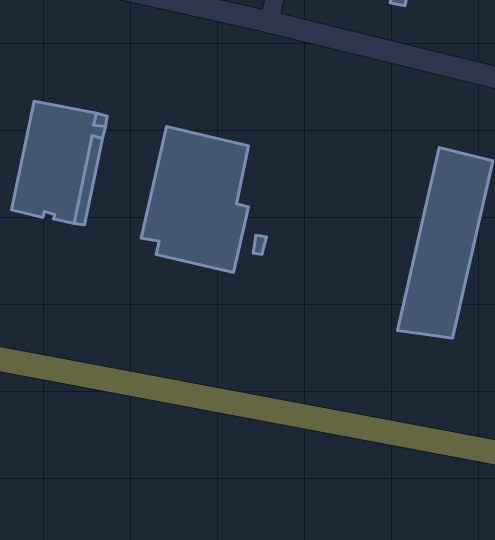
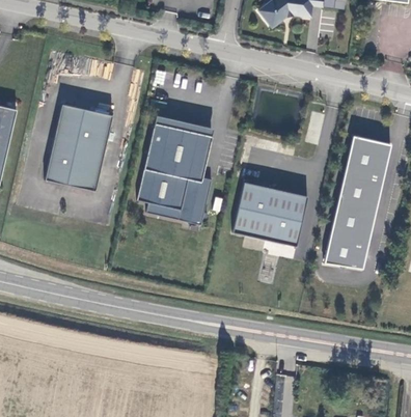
building: none -> [234,182,309,246]

